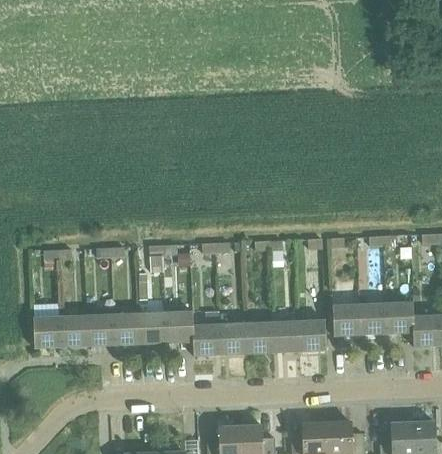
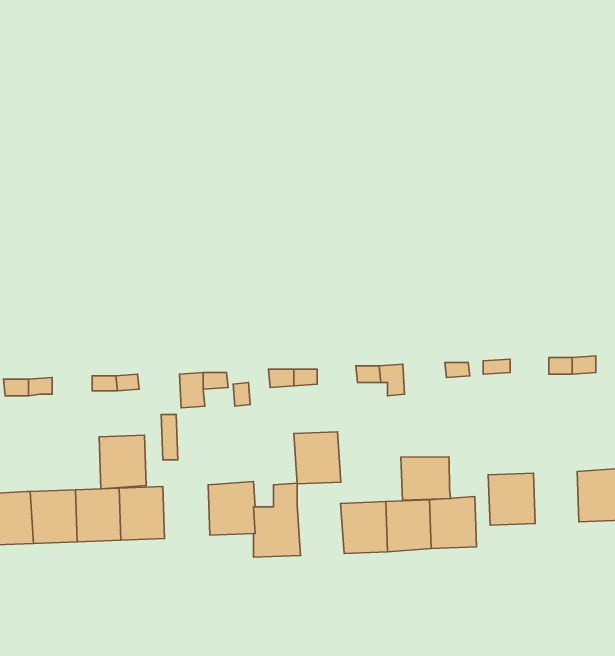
building: none -> [401,457,450,500]
building: [360,304,387,335] -> none
building: [139,312,167,344] -> [99,435,146,489]
building: [219,323,247,354] -> [294,432,341,484]

